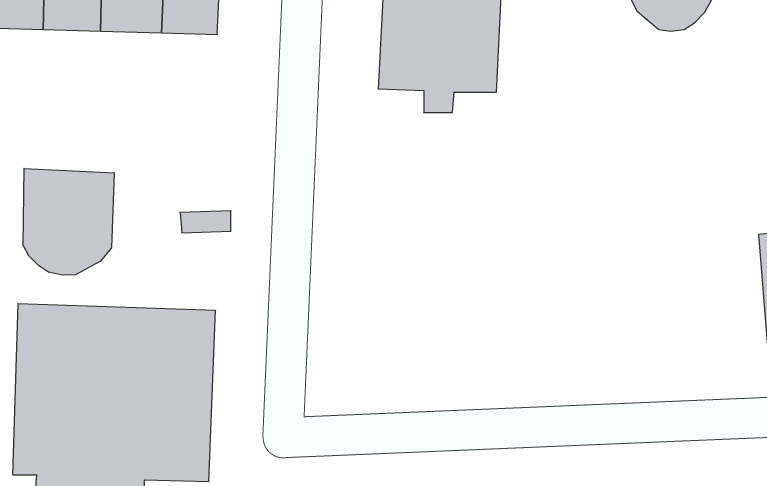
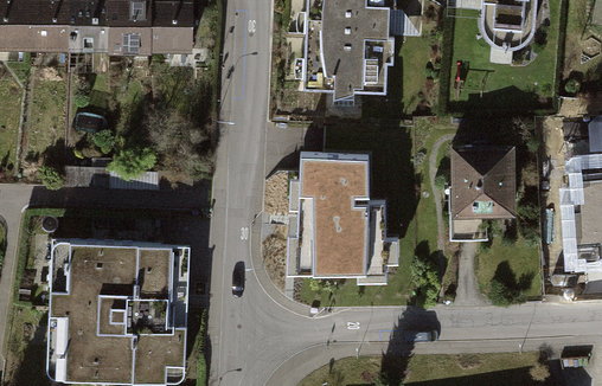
building: none -> [453,144,514,239]
building: [23,168,114,275] -> none
building: none -> [290,155,403,282]

